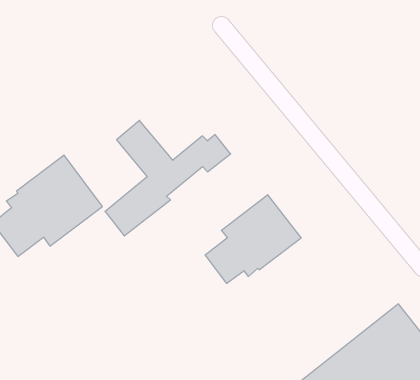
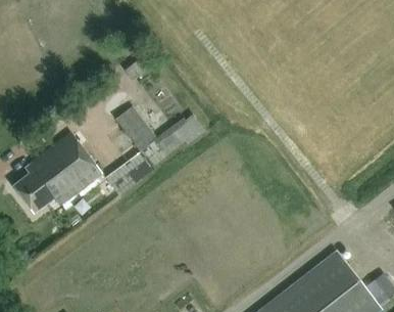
building: [205,195,301,283] -> none

